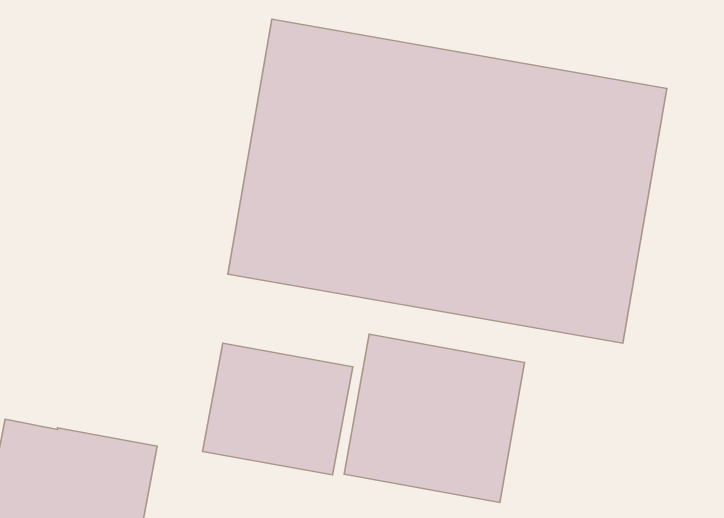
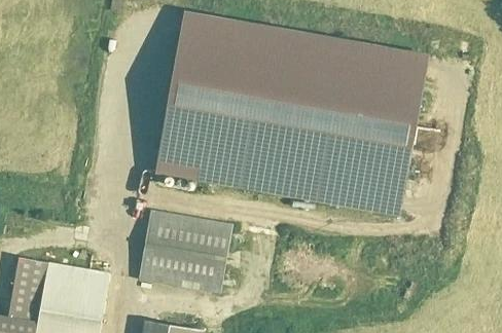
building: [344,334,525,502] -> none

